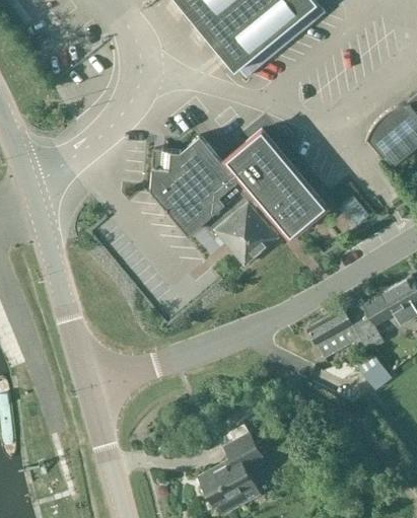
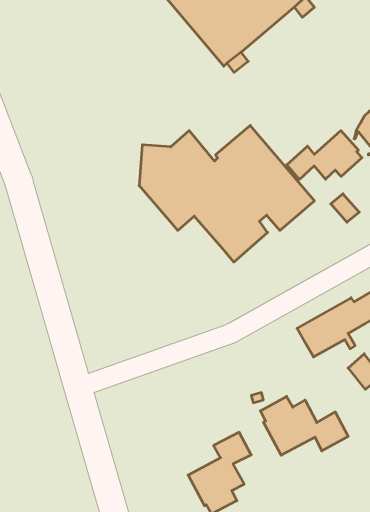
building: none -> [287,131,362,179]
building: none -> [260,396,348,455]

